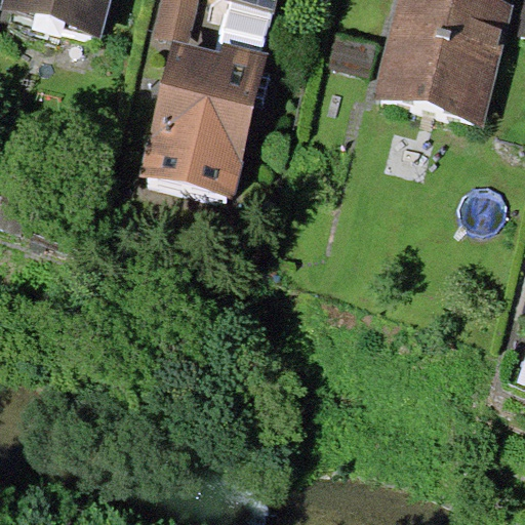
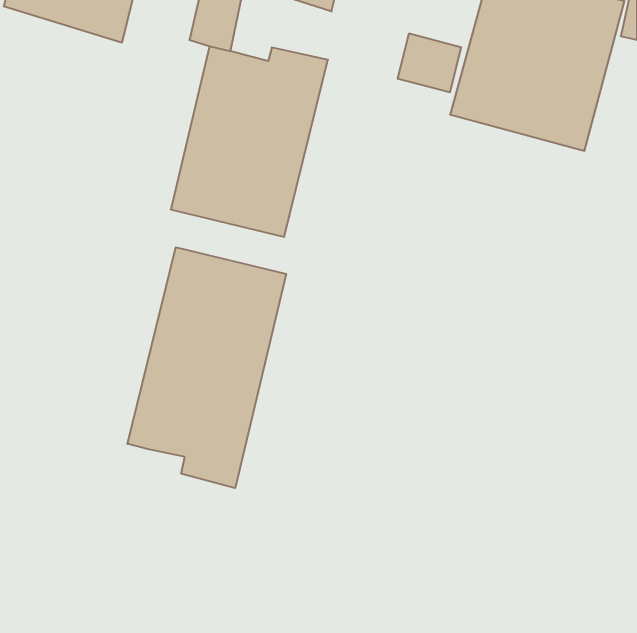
building: none -> [127,247,286,488]

